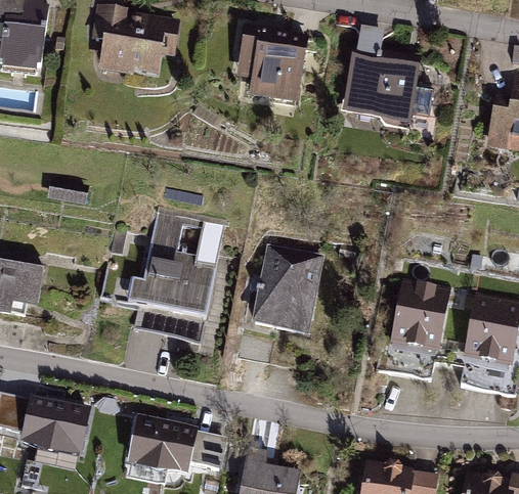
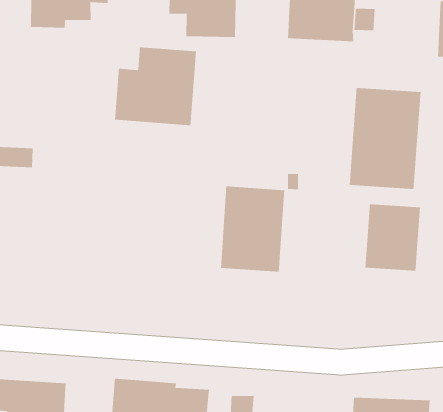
building: none -> [114,47,197,126]
building: none -> [349,87,421,190]
building: [126,207,225,345] -> none

